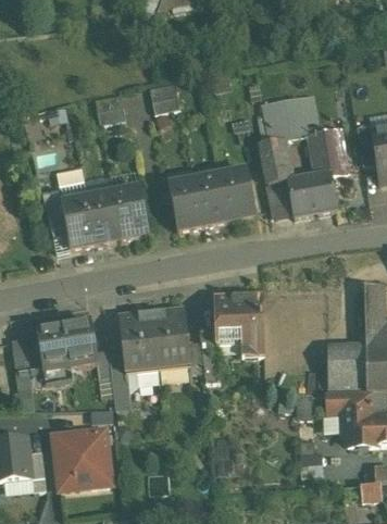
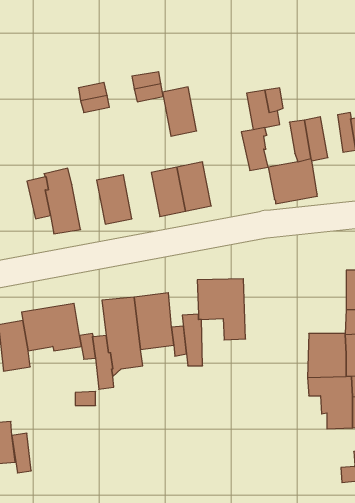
building: [221,169,255,219] -> [162,87,197,136]
building: [269,179,294,215] -> none
building: [88,192,122,242] -> none
building: [53,427,111,484] -> none

